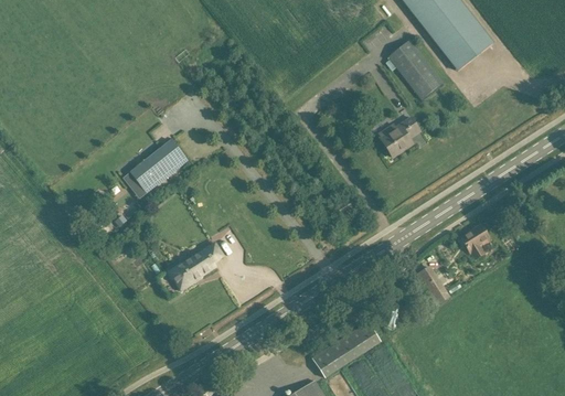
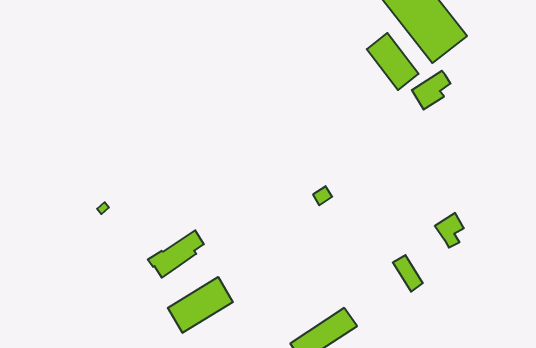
building: [379,117,418,157] -> [412,71,451,110]
building: [129,138,186,192] -> none
building: none -> [168,277,233,333]

